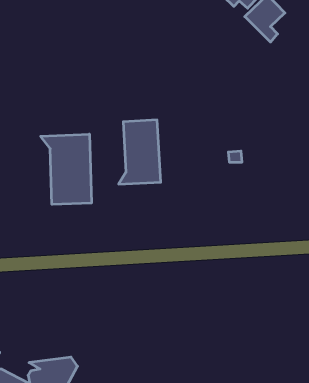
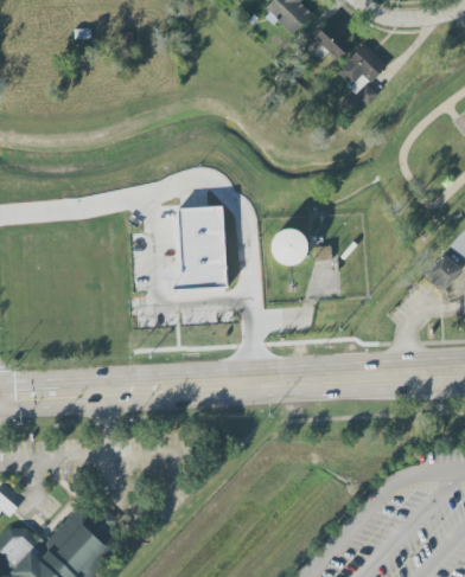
building: [41,134,91,204] -> none
building: none -> [270,229,307,264]

